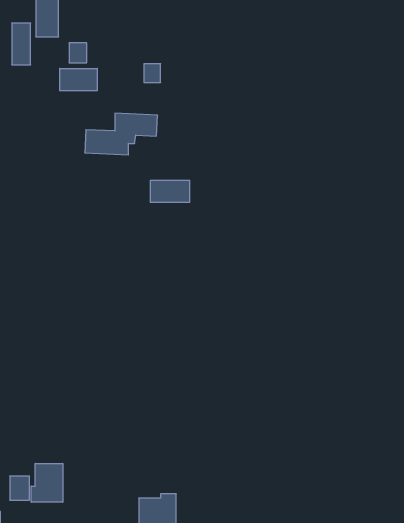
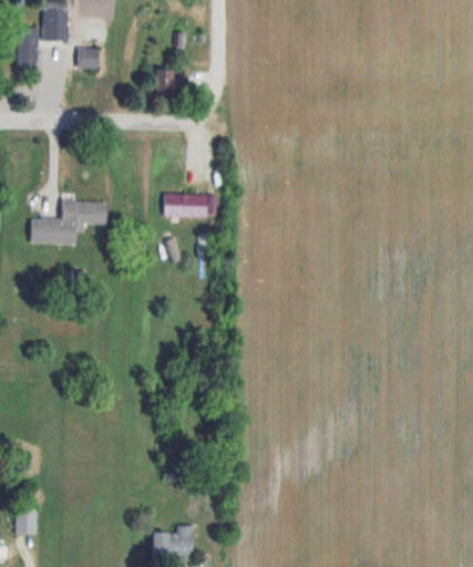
building: [60,68,97,91] -> none
building: [85,113,158,155] -> [30,200,107,245]
building: [31,463,63,502] -> none

